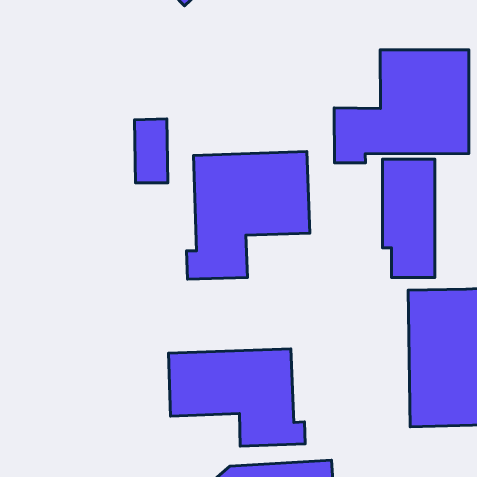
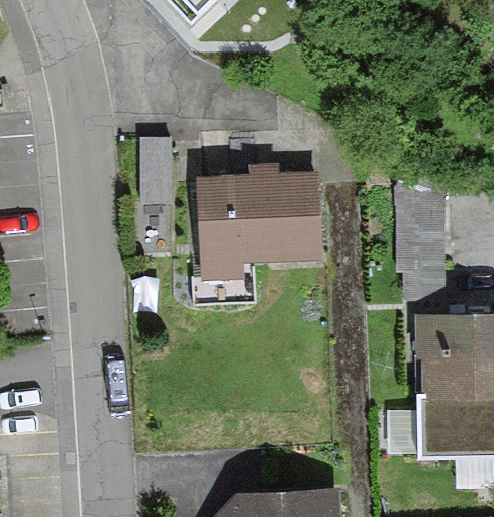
building: [334,50,469,163] -> none
building: [168,349,305,446] -> none

